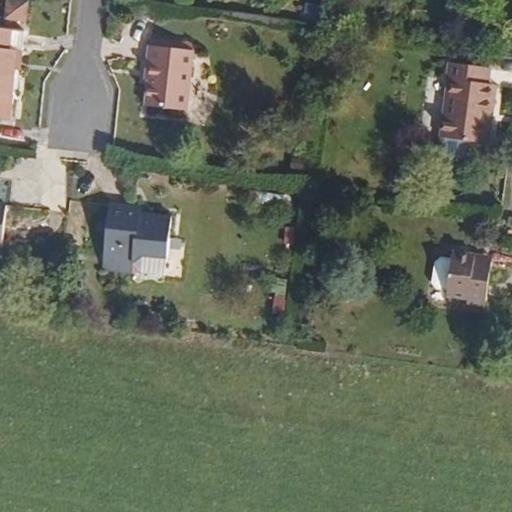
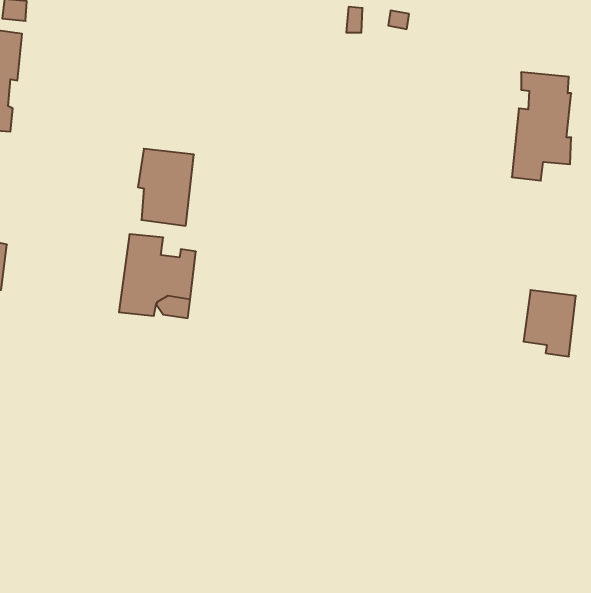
building: [140,51,188,117] -> [138,149,194,226]

